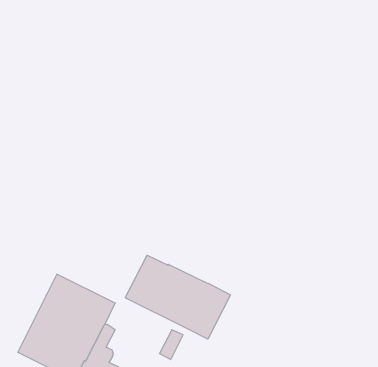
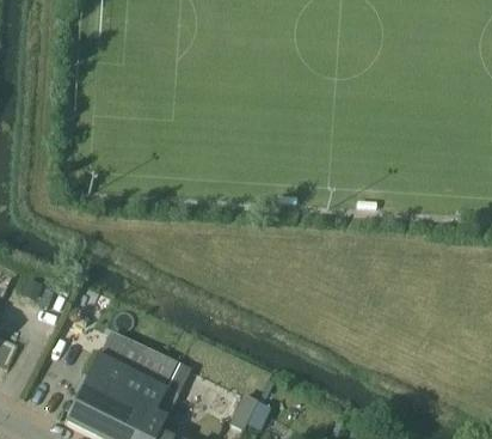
building: [125,255,230,339] -> none

